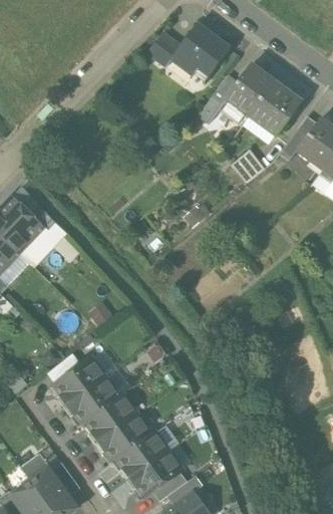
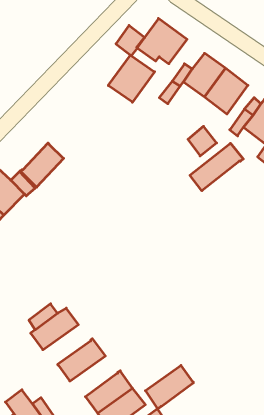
building: none -> [108,55,155,102]
building: none -> [20,143,64,187]
building: none -> [190,143,243,191]
building: [64,377,119,427] -> none
building: [95,414,150,464] -> [145,365,193,409]

